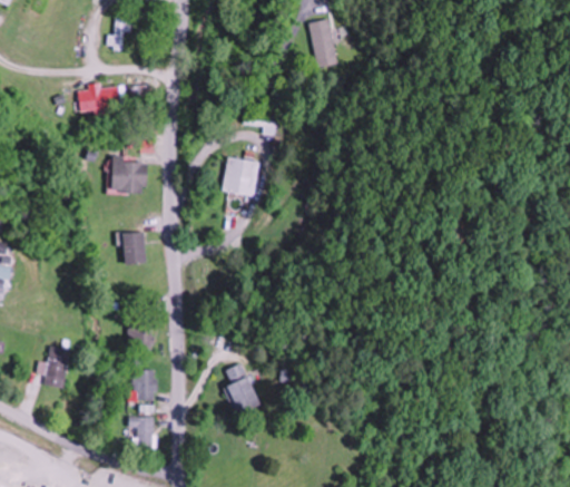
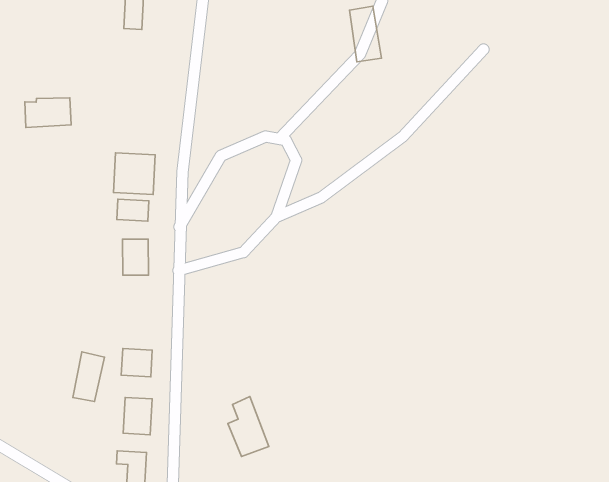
building: [78,85,119,113] -> [25,98,71,127]
building: [222,157,259,196] -> none
building: none -> [117,199,149,221]
building: [43,345,69,388] -> [73,352,105,401]

